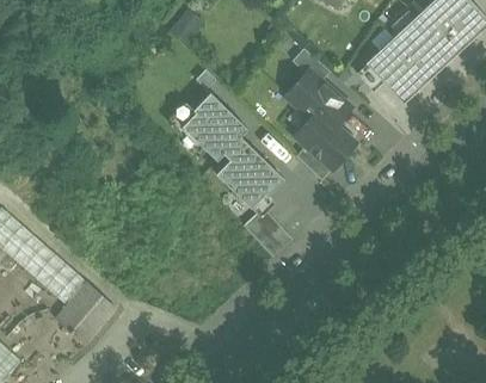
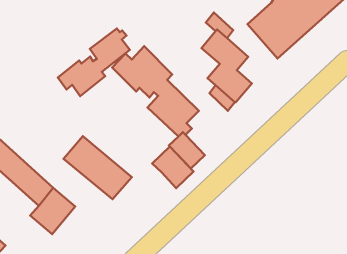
building: none -> [58,28,130,96]
building: none -> [63,136,132,199]
building: none -> [152,147,194,188]

